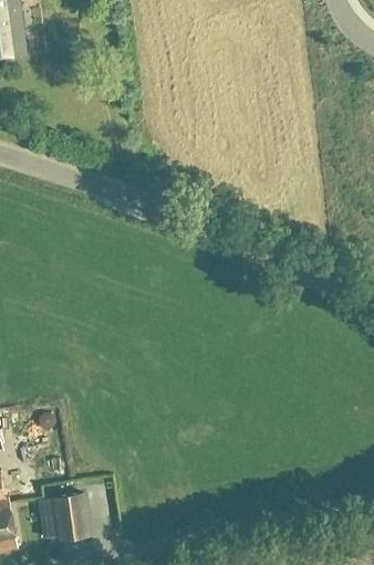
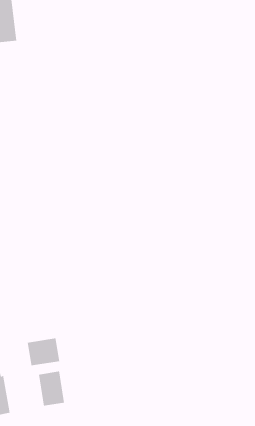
building: none -> [27,337,60,366]

